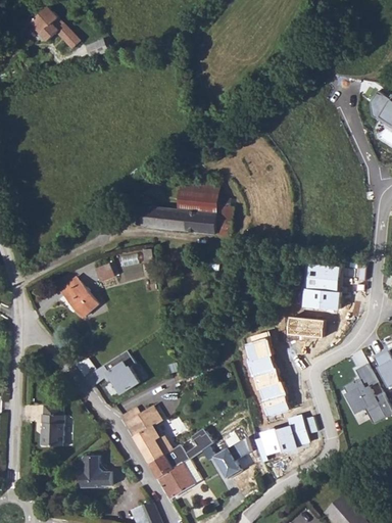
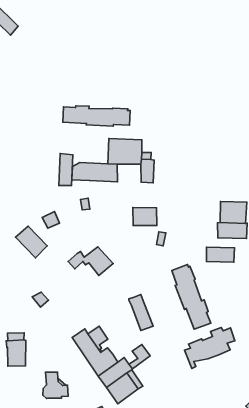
building: none -> [63,106,130,126]
building: none -> [59,154,73,185]
building: [187,210,216,234] -> [133,208,157,225]
building: [86,363,140,397] -> [68,247,113,276]
building: none -> [129,295,153,331]
building: [214,441,247,479] -> none

